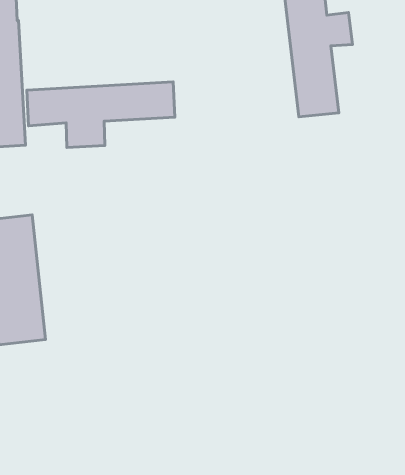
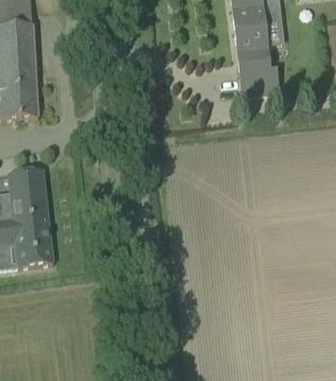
building: [27,82,175,147] -> none

